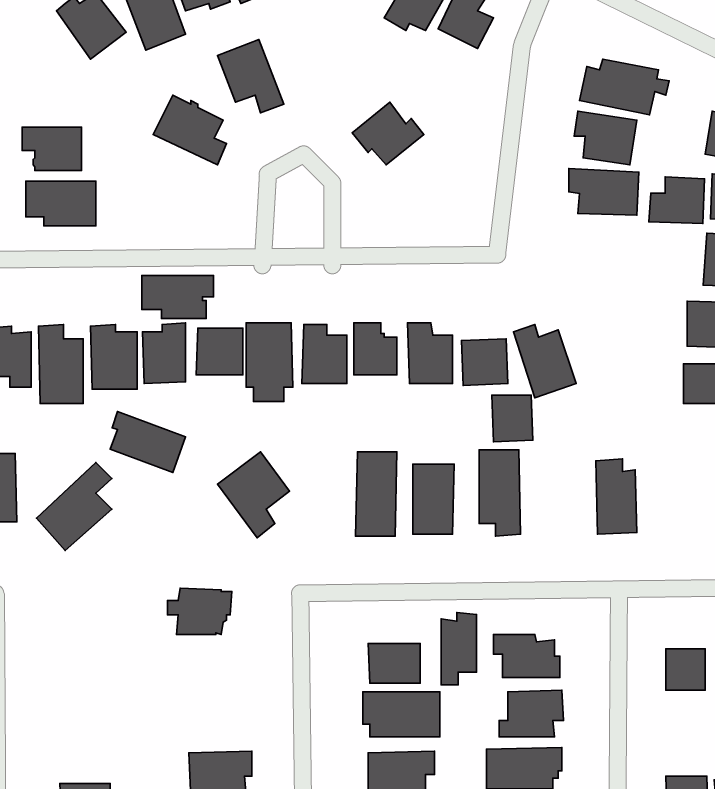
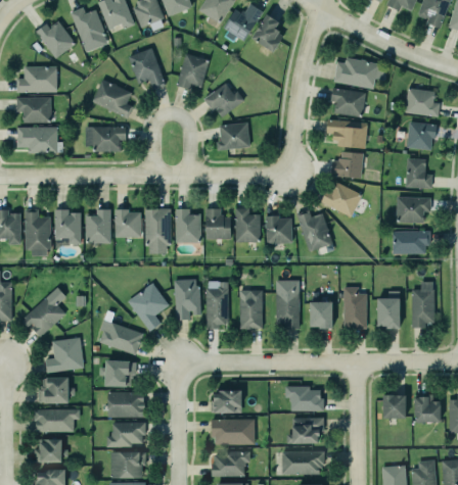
building: none -> [177,54,210,90]
building: none -> [15,66,55,92]
building: none -> [218,123,249,150]
building: [649,177,704,224] -> [331,152,363,179]
building: [142,275,213,318] -> [83,127,124,151]
building: none -> [321,184,362,216]
building: [492,395,533,442] -> [310,302,333,329]
building: [110,412,185,473] -> [98,320,141,354]
building: none -> [174,280,199,321]
building: none -> [375,297,400,329]
building: none -> [44,336,83,373]
building: [441,612,477,685] -> none
building: none -> [38,377,66,402]
building: none -> [107,392,144,418]
building: none -> [35,409,80,432]
building: none -> [106,423,145,448]
building: none -> [33,438,65,462]

